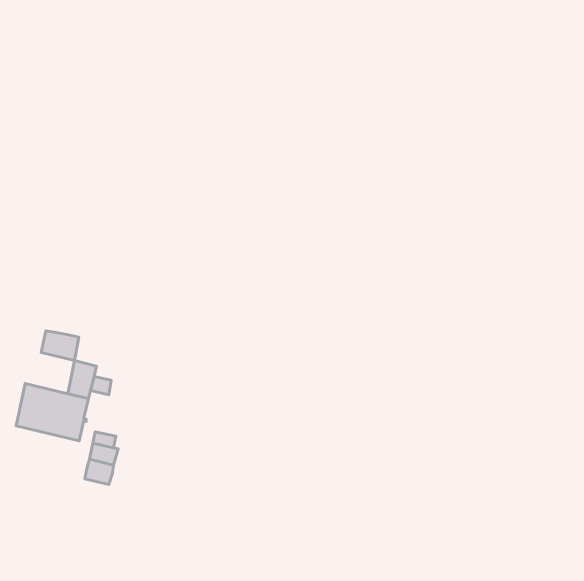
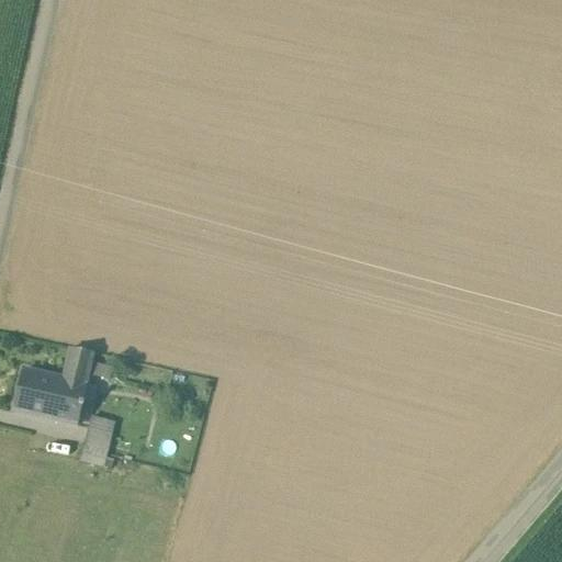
building: [41,331,79,361] -> none

